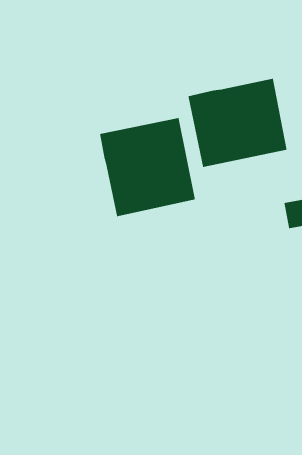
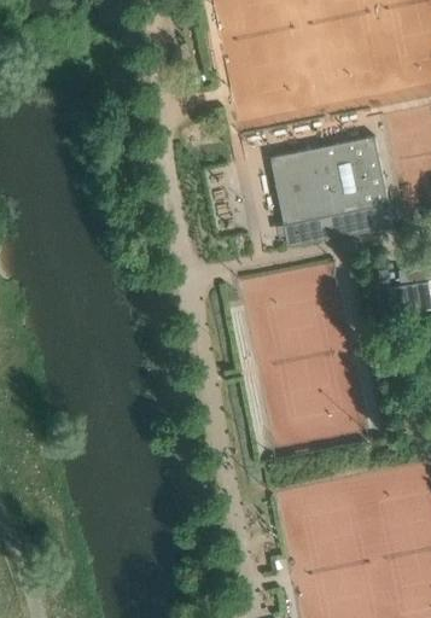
building: [99,117,196,217] -> none

